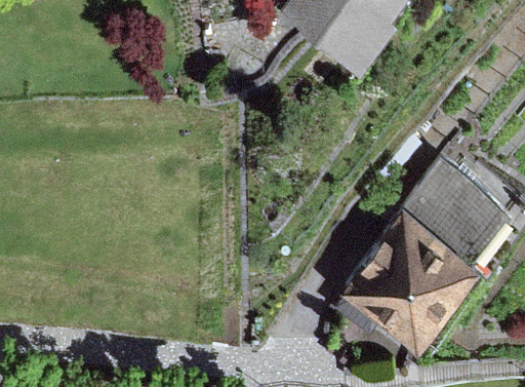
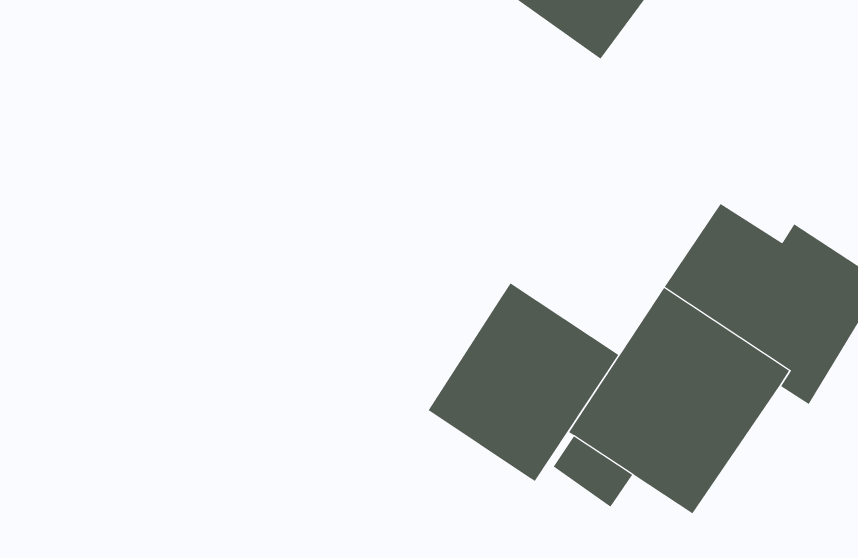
building: none -> [428,282,619,482]

